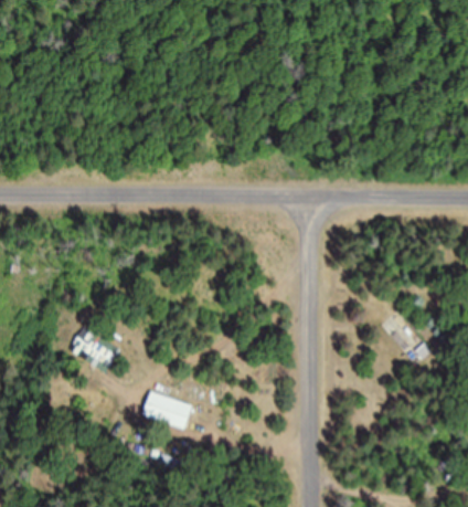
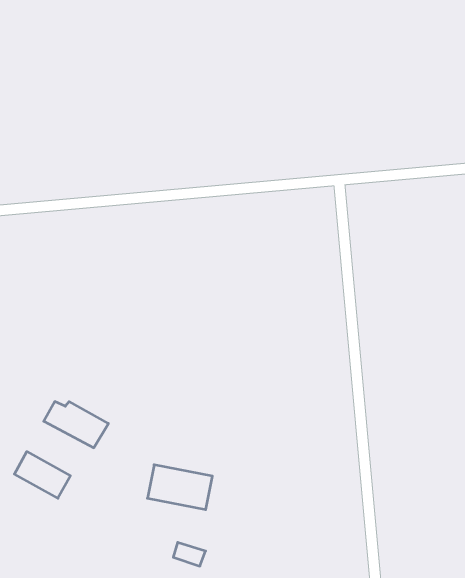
building: none -> [14,452,70,498]

